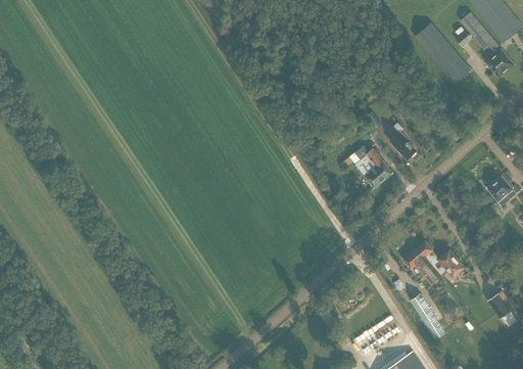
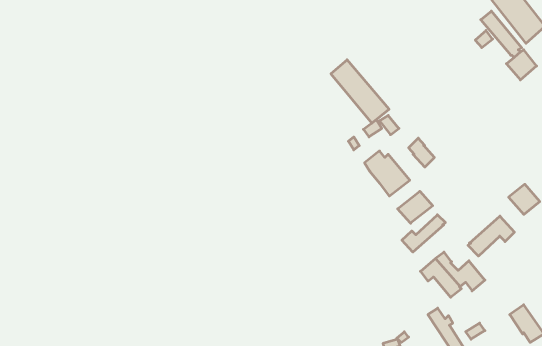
building: [415,24,470,84] -> [331,60,389,123]
building: none -> [398,191,433,223]
building: none -> [402,215,445,252]
building: none -> [468,216,514,256]

